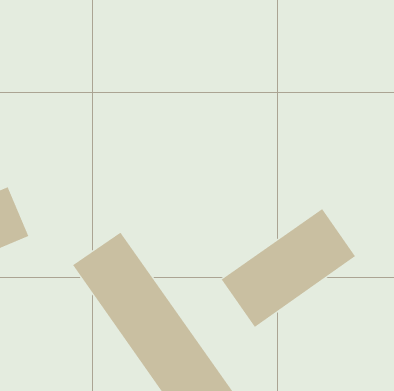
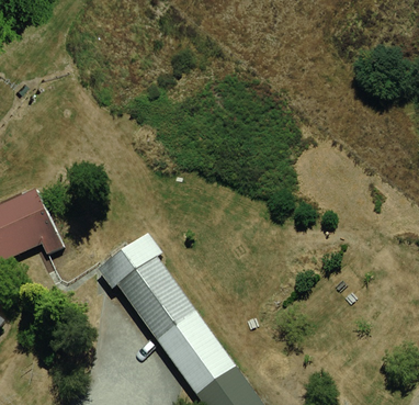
building: [221,208,356,328] -> none

